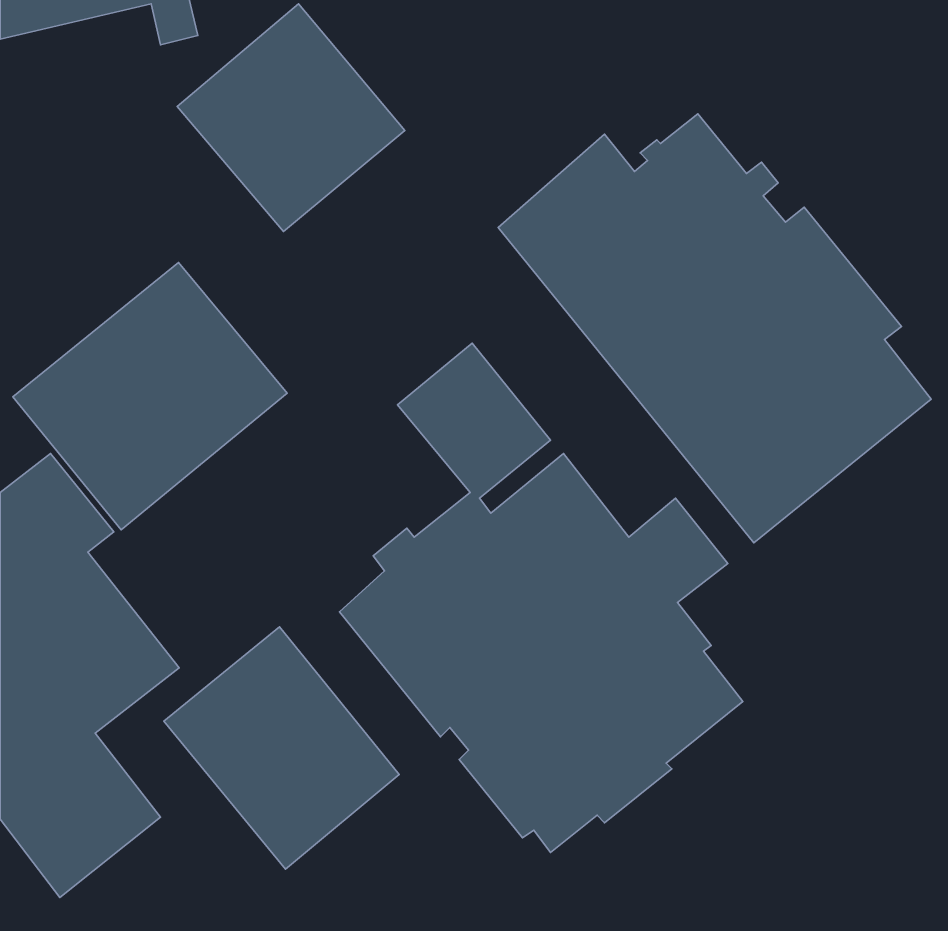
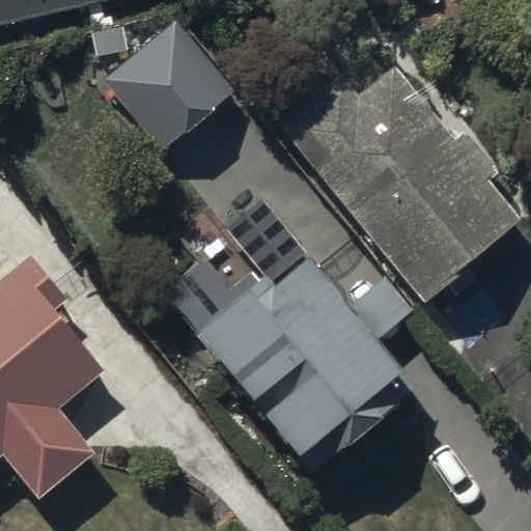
building: [13,263,287,530] -> none
building: [164,627,399,869] -> none

